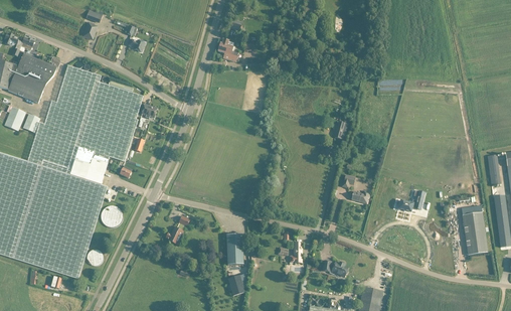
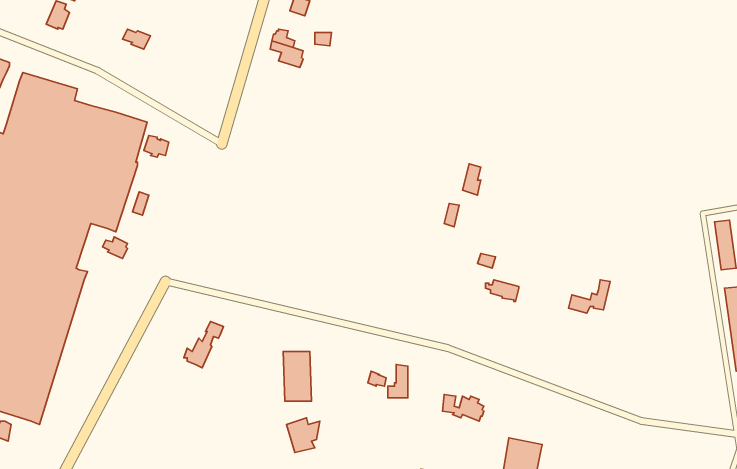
building: [462,211,487,254] -> none

